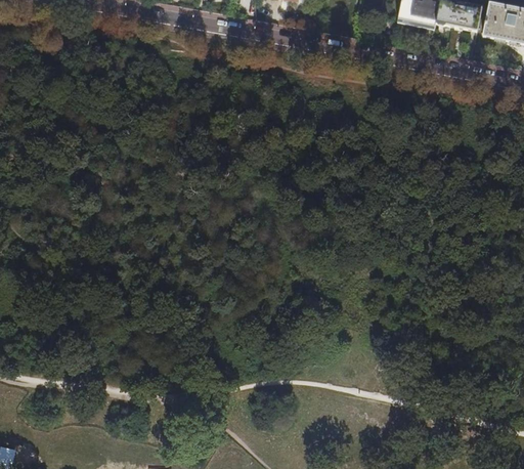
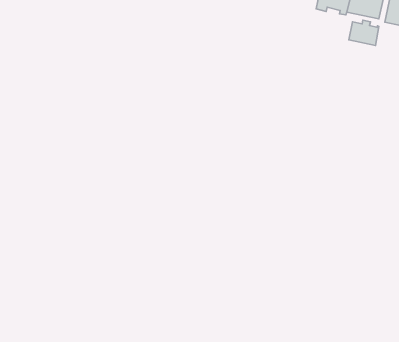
building: none -> [349,20,379,45]

